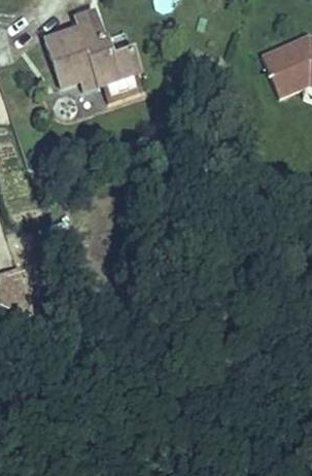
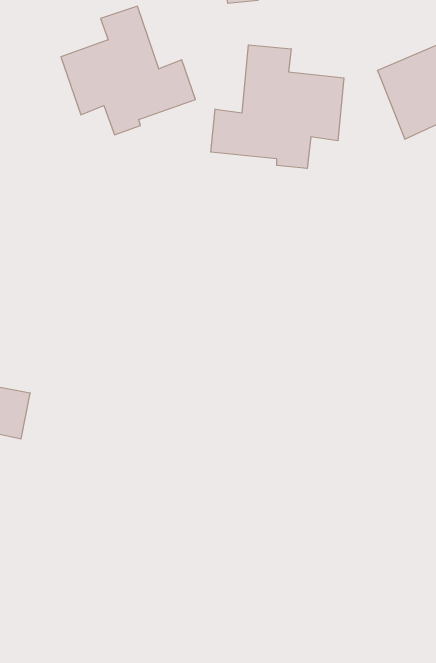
building: none -> [211,45,344,169]

